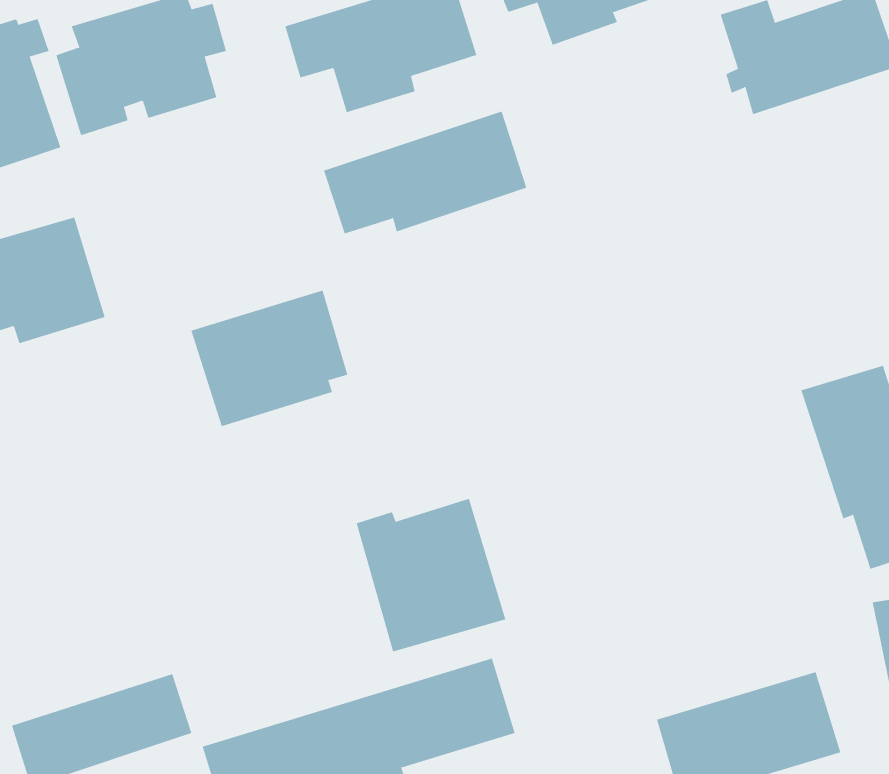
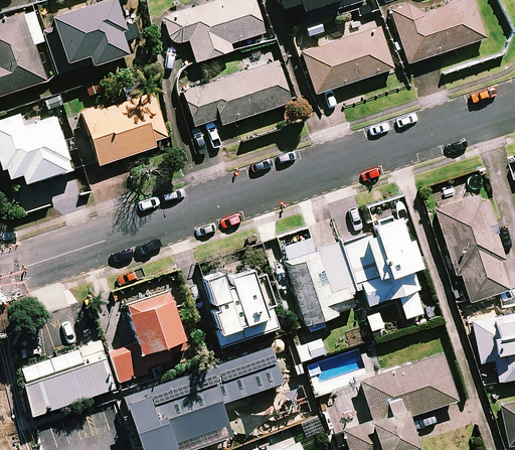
building: none -> [305,28,395,95]
building: [190,290,348,427] -> [85,93,168,164]
building: none -> [280,215,421,324]
building: none -> [112,287,186,381]

